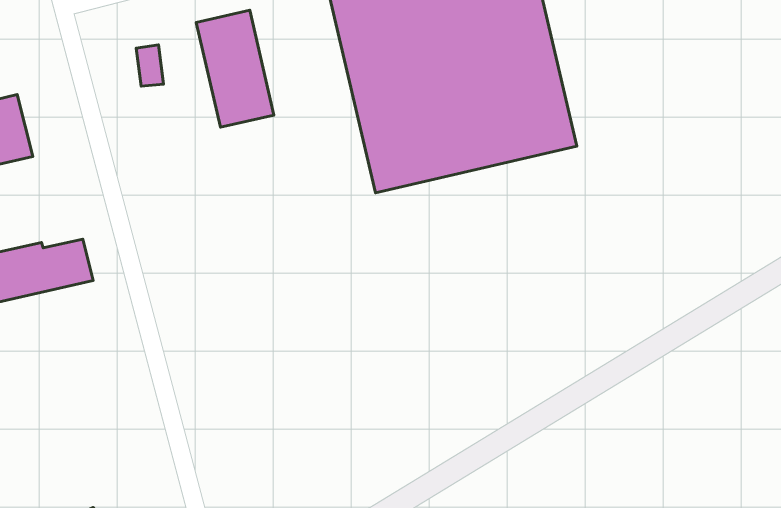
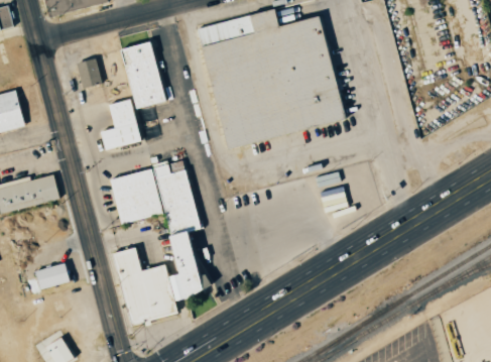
building: none -> [100,98,141,150]
building: none -> [109,160,200,326]
building: none -> [34,263,69,289]

